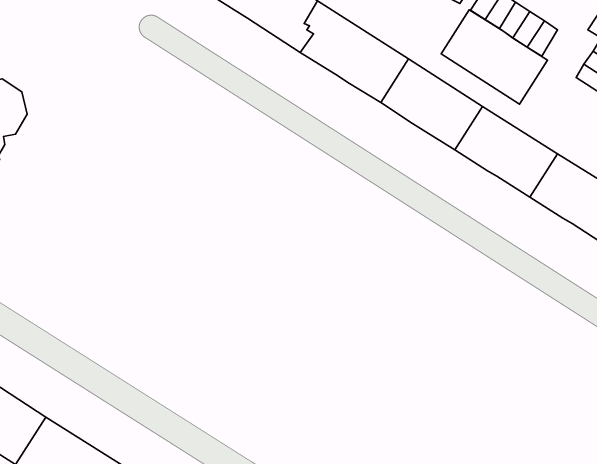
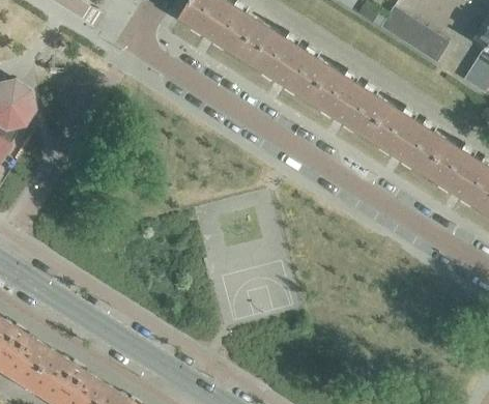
building: [441,10,548,104] -> none

